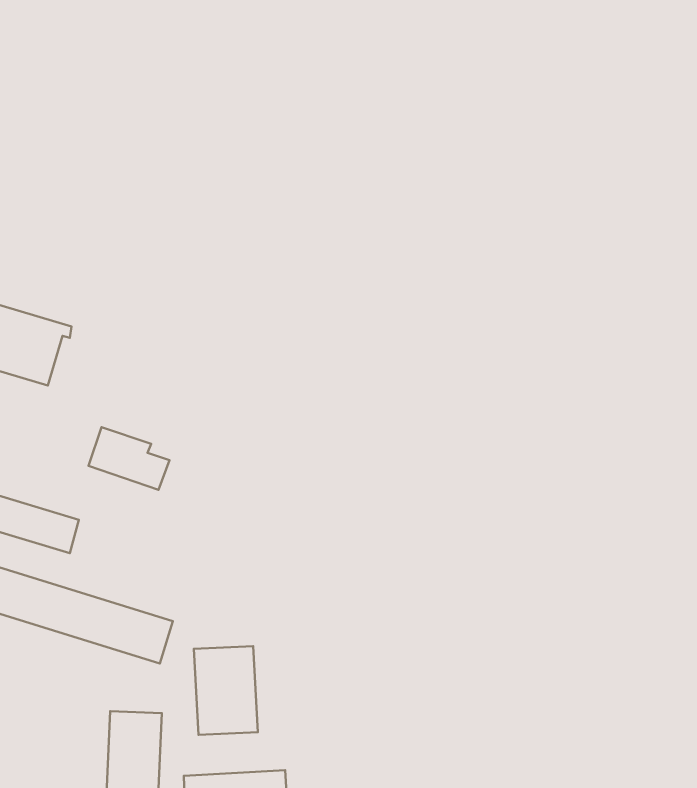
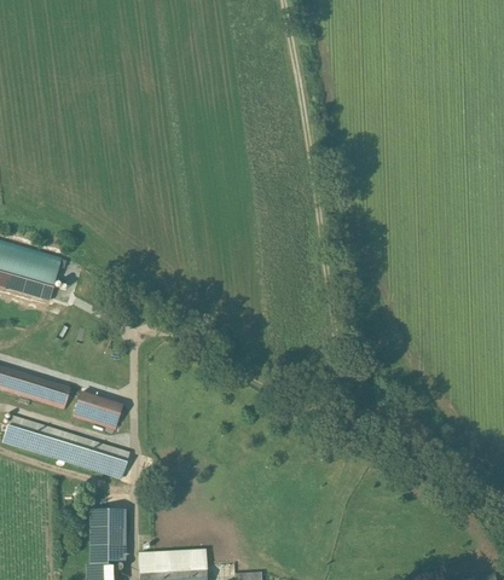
building: [89,427,170,490] -> [74,389,127,430]
building: [194,646,258,735] -> none

